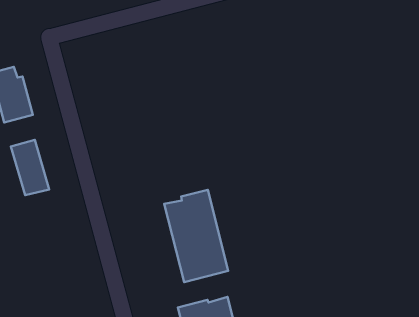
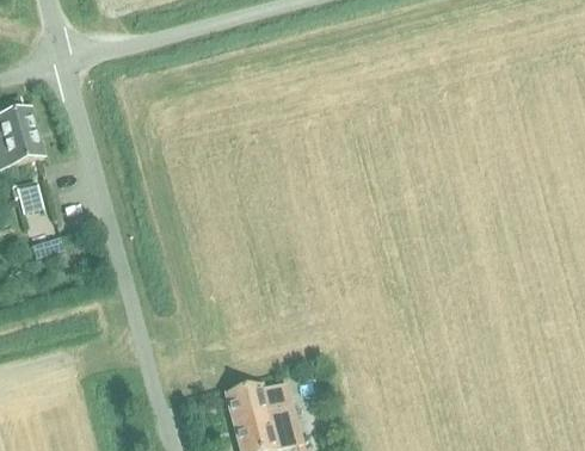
building: [164,190,228,282] -> none

